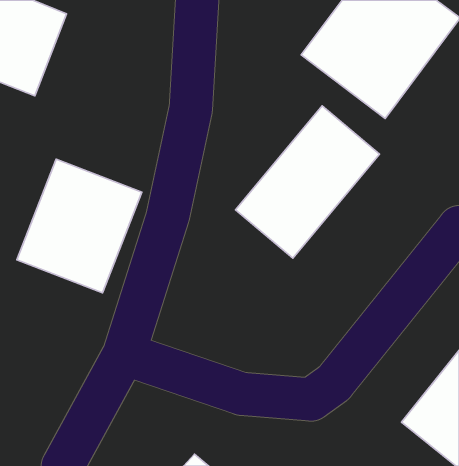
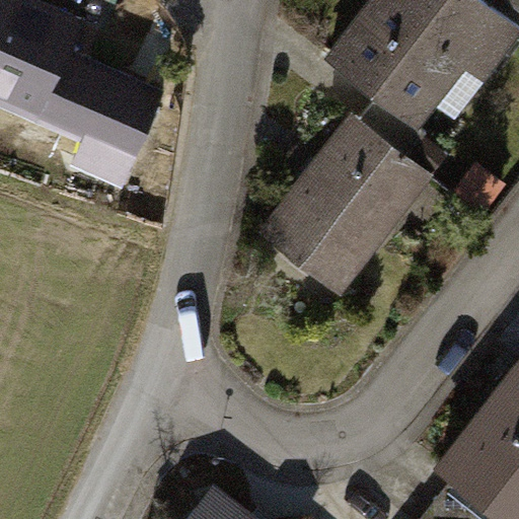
building: none -> [46,62,152,153]
building: [17,159,142,293] -> none

